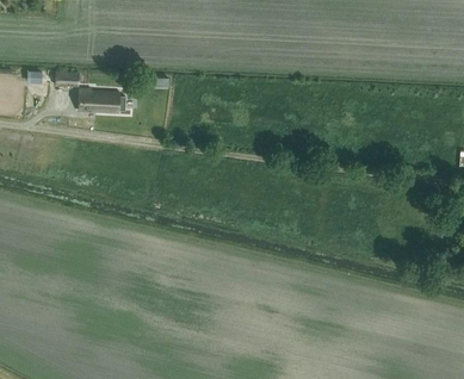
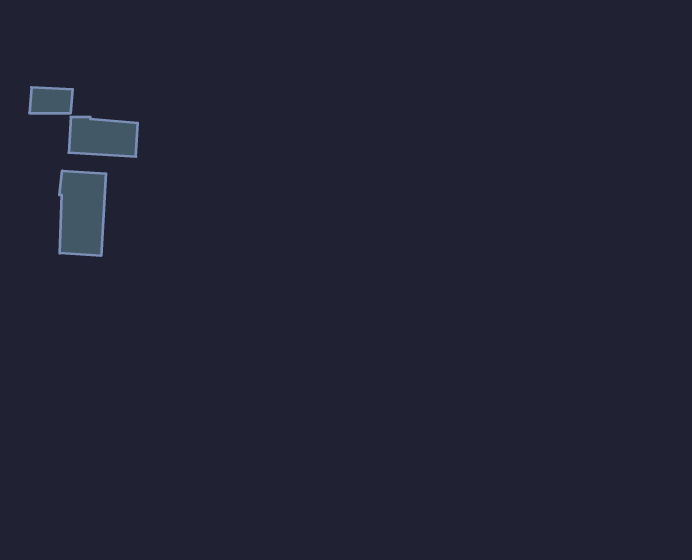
building: none -> [59,171,106,256]

